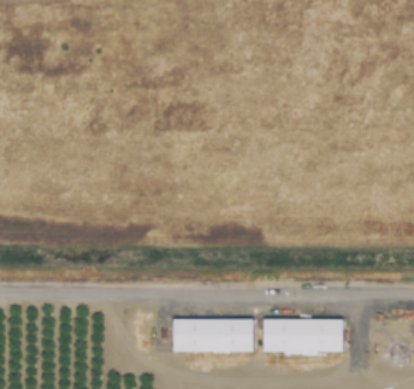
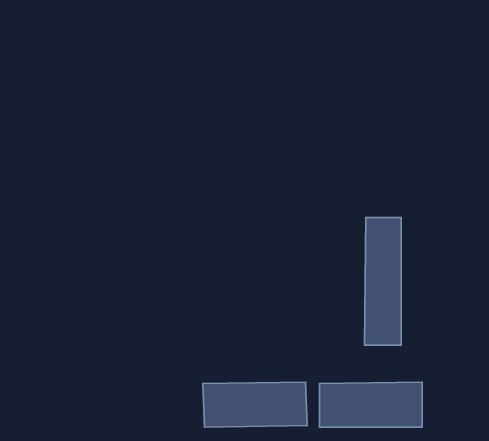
building: none -> [365,218,401,345]

